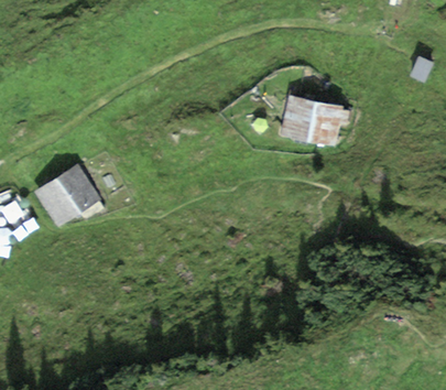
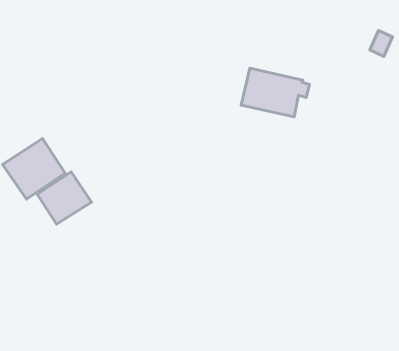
building: none -> [37,172,91,224]

